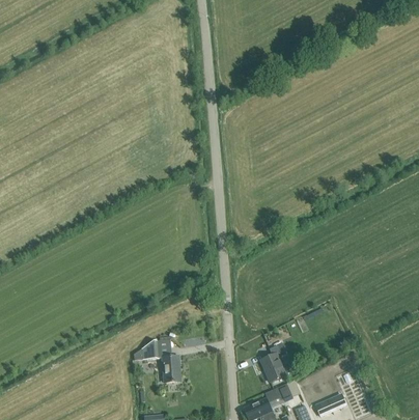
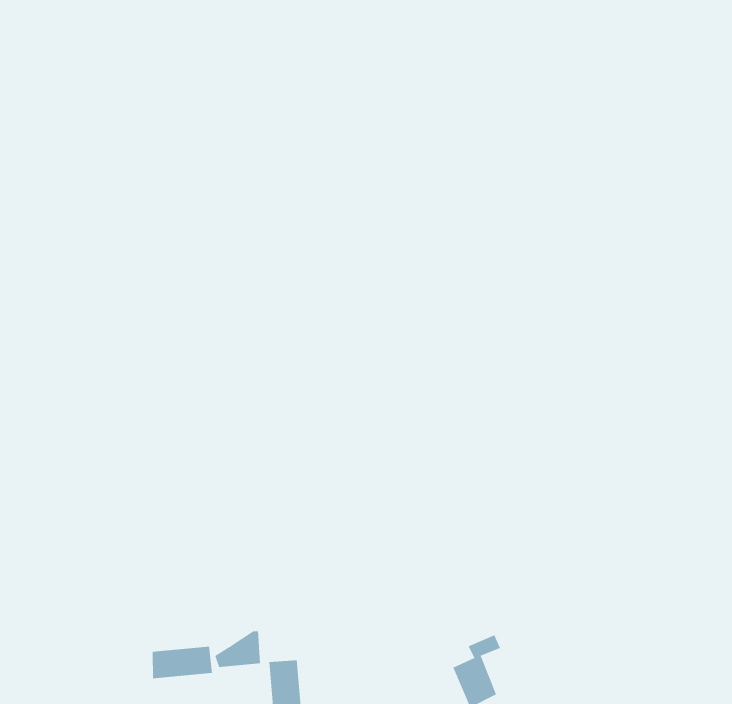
building: none -> [152,646,213,679]

